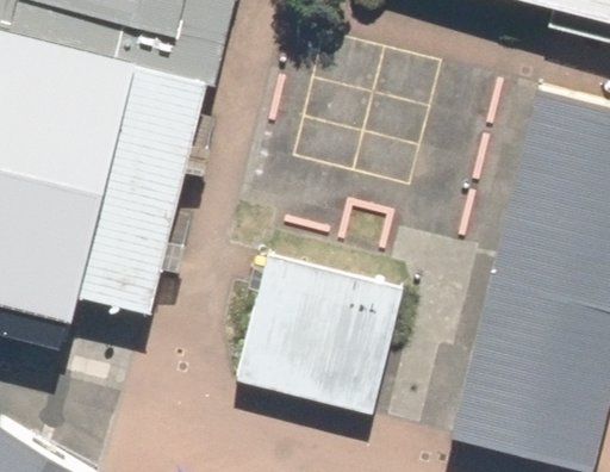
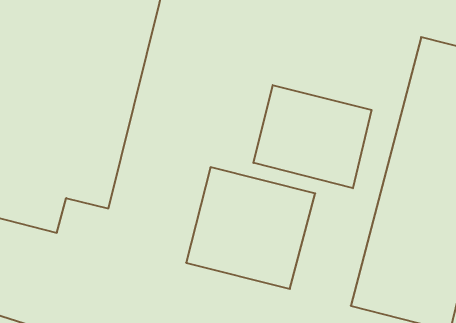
building: none -> [253,85,372,188]

